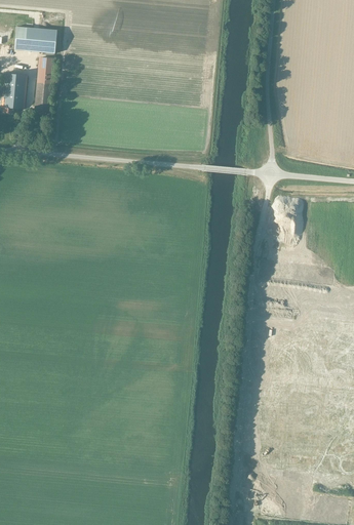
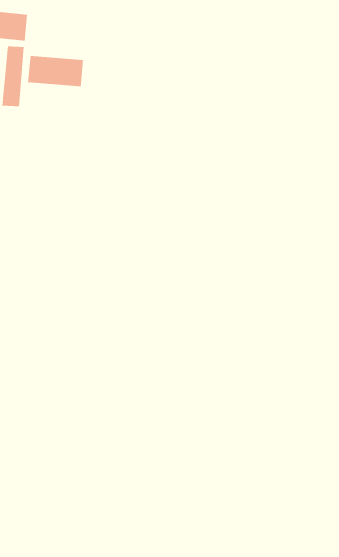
building: none -> [28,55,84,87]

